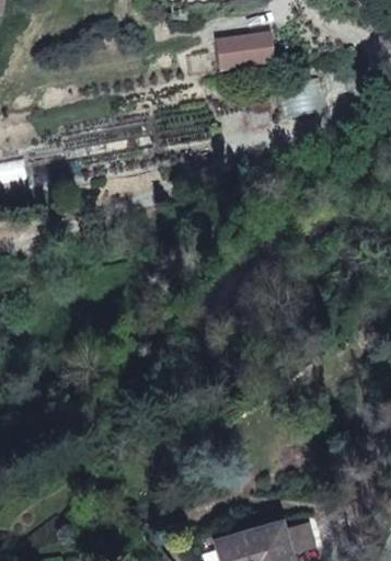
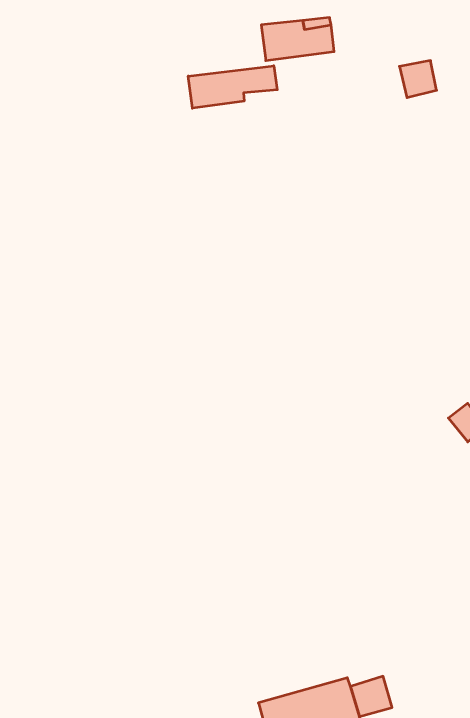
building: none -> [188,66,277,108]

